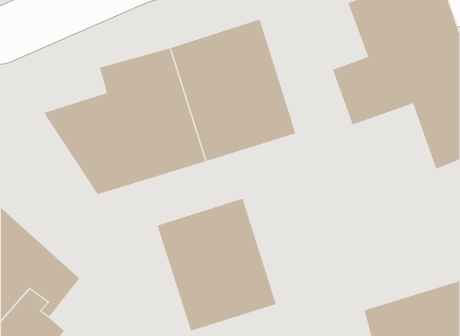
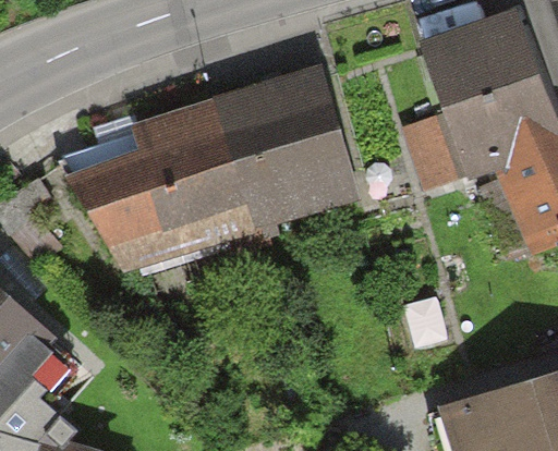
building: [157,198,276,331] -> none

